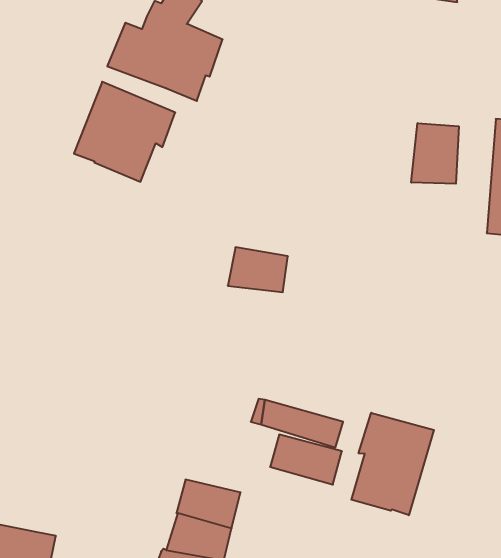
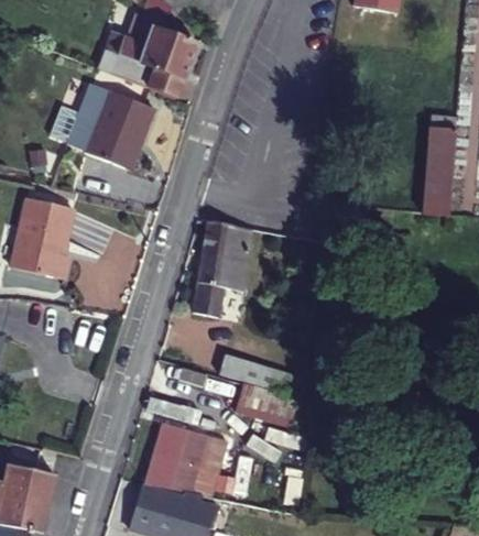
building: [411,123,459,184] -> none
building: none -> [14,197,75,278]
building: none -> [193,258,249,315]
building: [351,413,434,515] -> none

